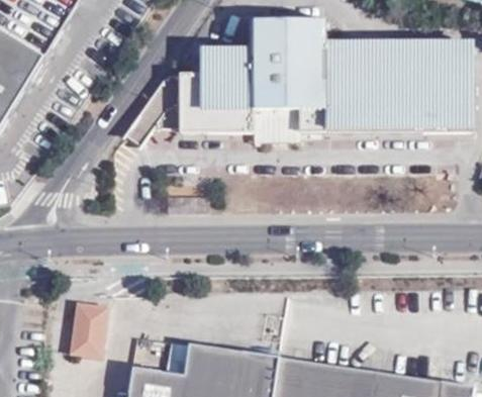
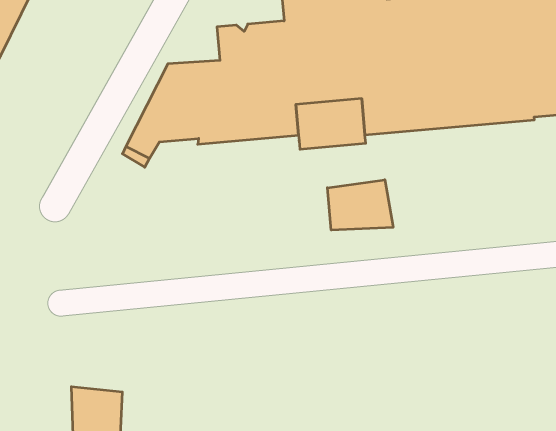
building: none -> [327,180,393,230]

